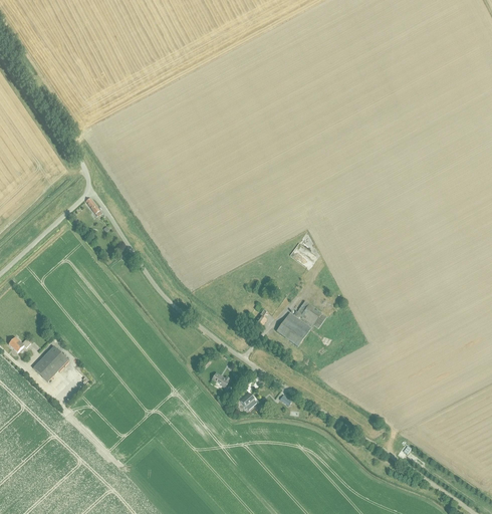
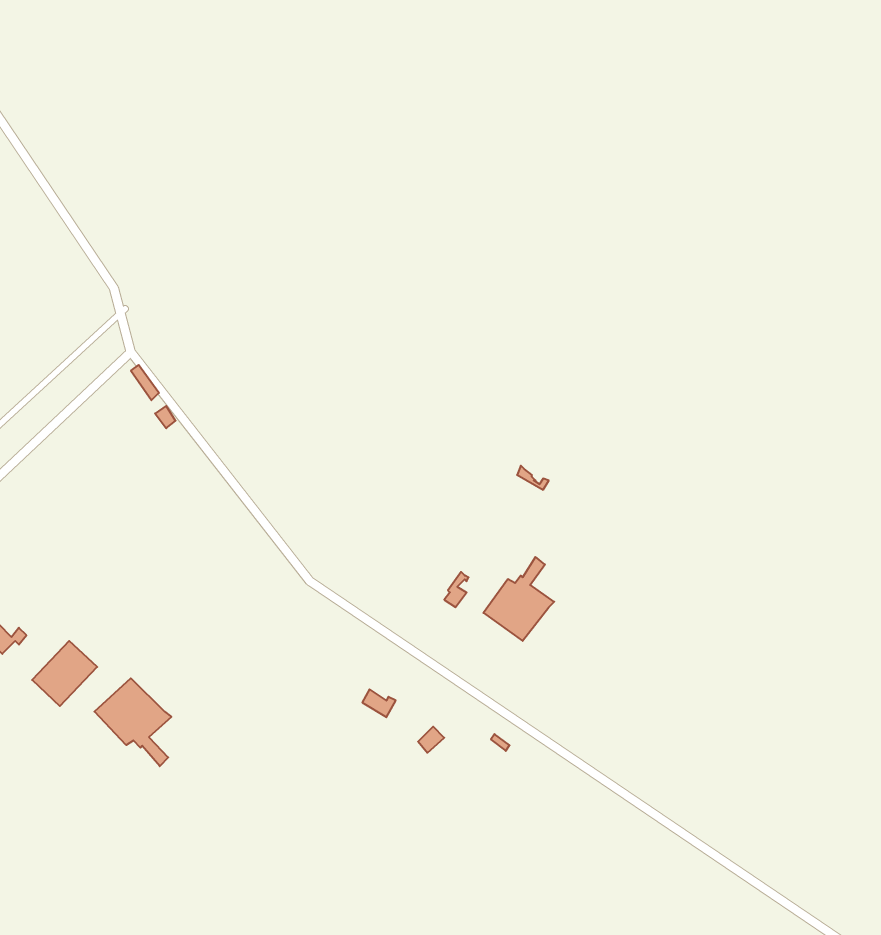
building: none -> [94,678,171,766]

